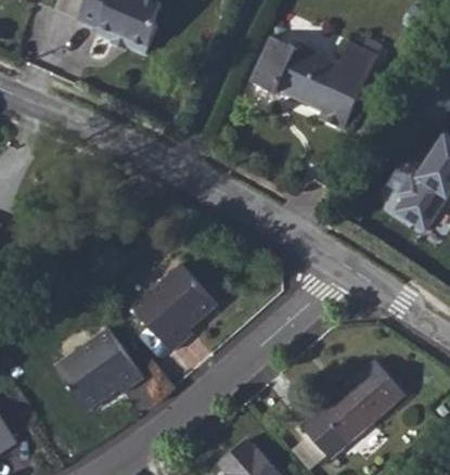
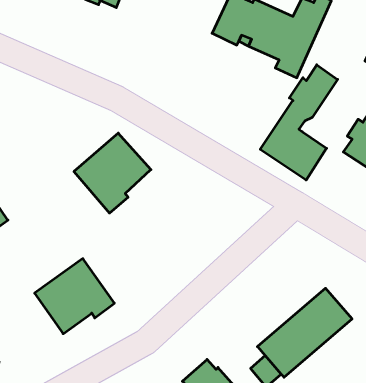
building: none -> [260,65,338,180]
building: [131,262,216,350] -> [74,133,151,213]

